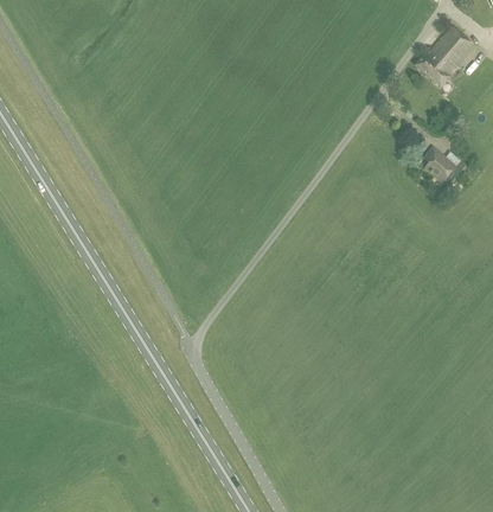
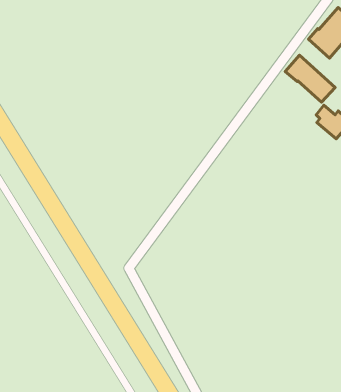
building: none -> [285,55,335,102]

